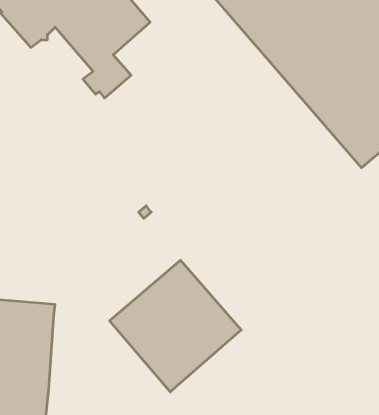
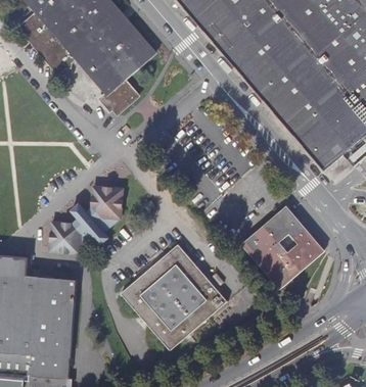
building: none -> [48,182,122,249]
building: none -> [244,206,323,286]

